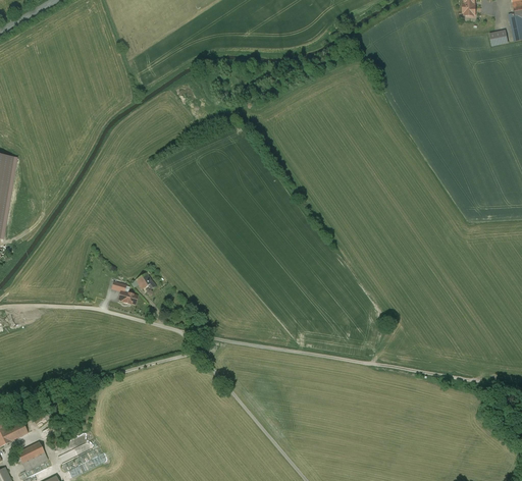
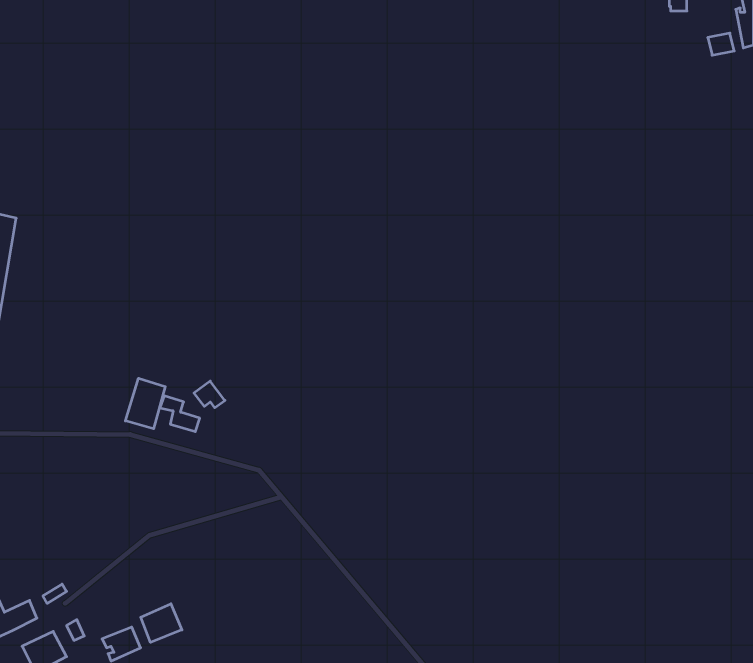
building: none -> [125,378,165,429]
building: none -> [141,604,182,642]

